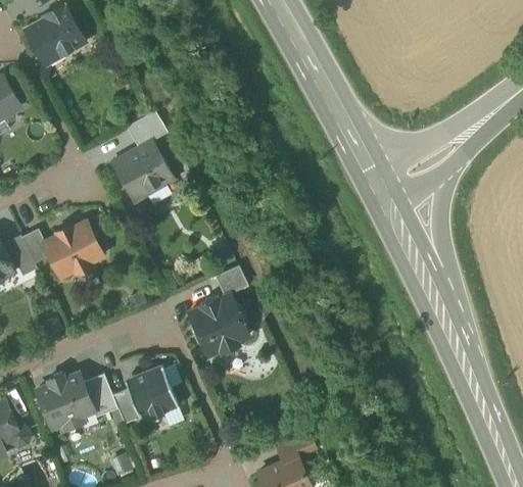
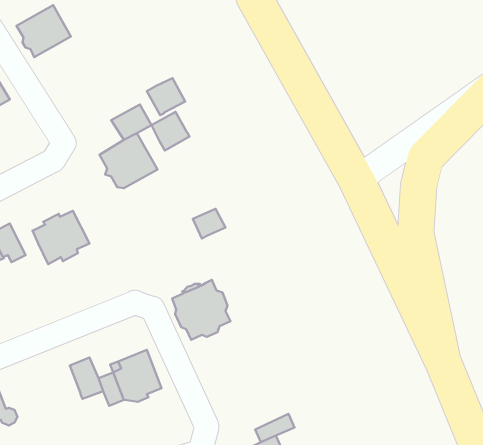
building: none -> [147,78,185,115]
building: none -> [152,112,189,150]
building: [21,229,50,262] -> none
building: [215,265,248,296] -> [193,209,225,238]
building: [37,373,94,429] -> none

